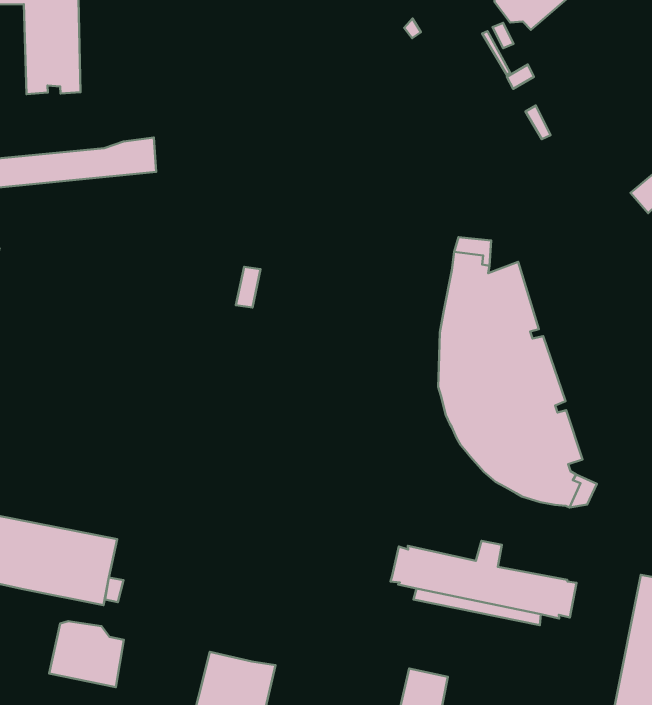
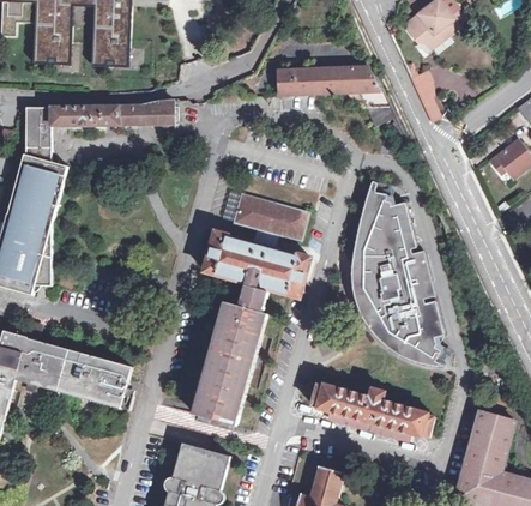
building: none -> [278,66,391,125]
building: none -> [192,193,310,426]
building: [49,621,124,687] -> none

